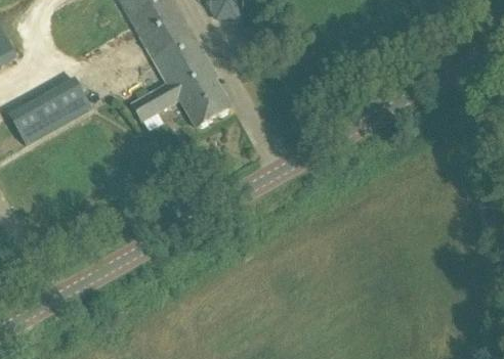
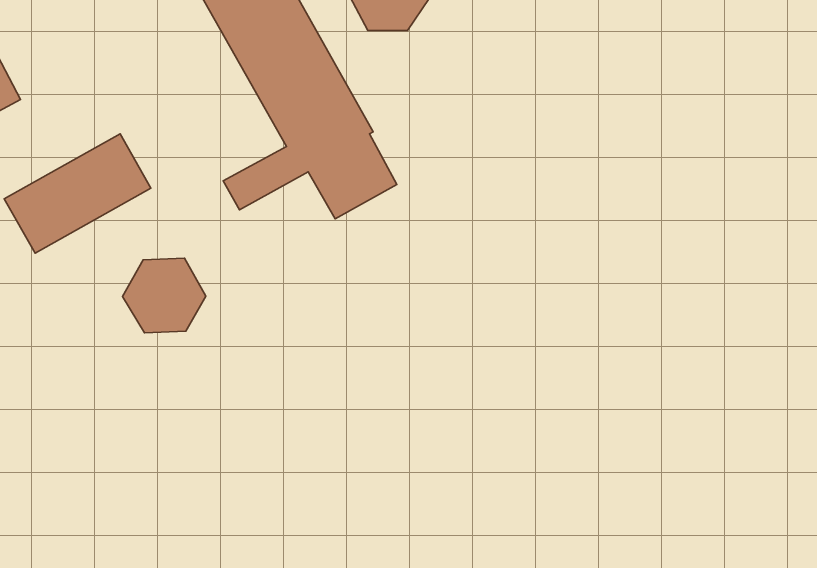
building: none -> [122,258,206,333]

